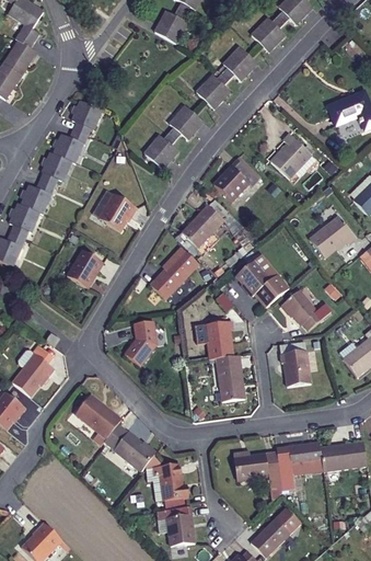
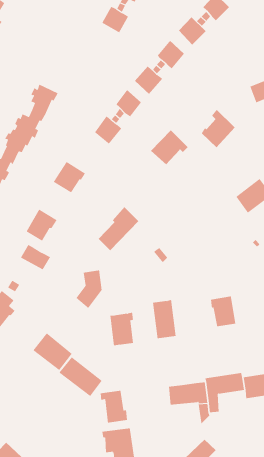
building: [182,202,223,244] -> none
building: [239,259,291,305] -> none
building: none -> [20,244,51,270]
building: [285,290,332,331] -> none
building: [204,320,232,359] -> [110,312,134,346]

